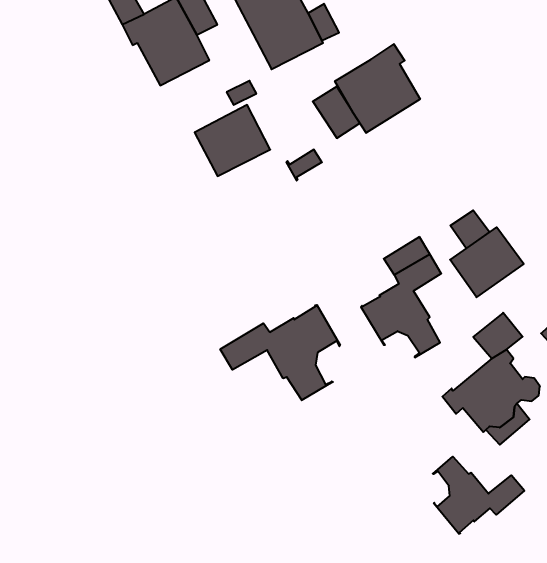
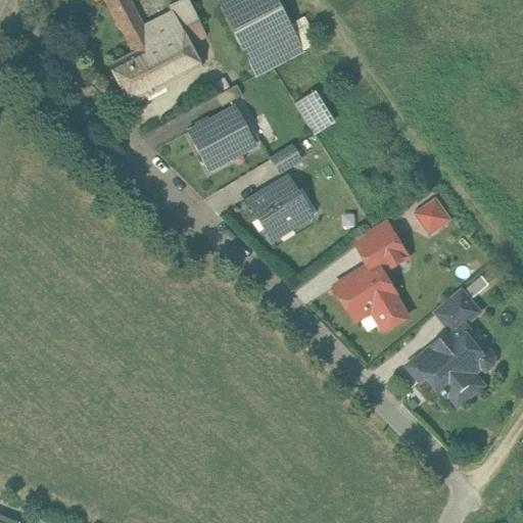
building: none -> [108,50,156,103]
building: [335,44,420,133] -> none
building: none -> [246,175,313,241]
building: [450,227,524,297] -> none
building: [220,305,340,400] -> none
building: [433,457,524,534] -> none

